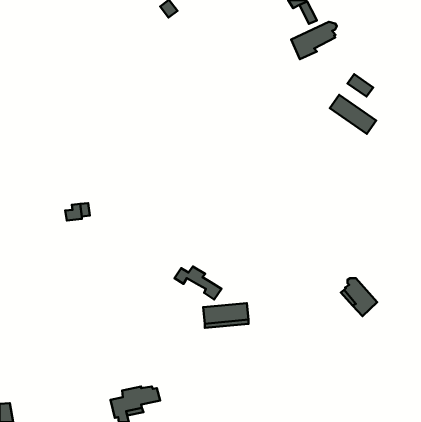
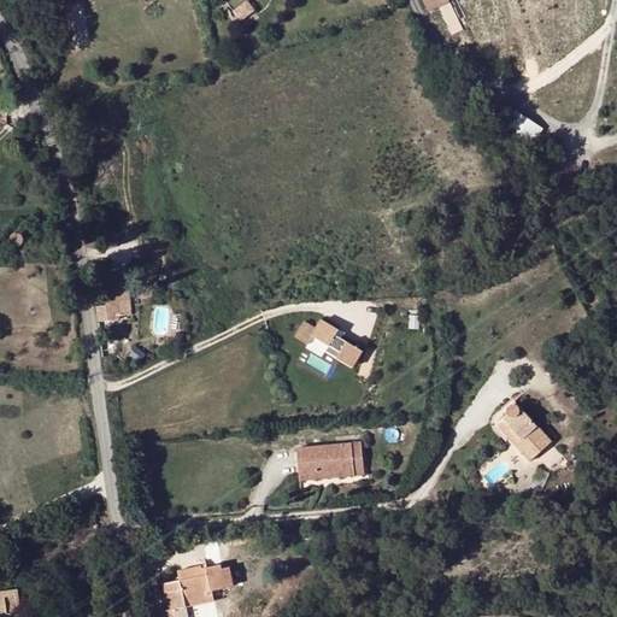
building: [291,22,337,59] -> none
building: [330,95,376,134] -> none
building: [175,267,222,300] -> [293,319,362,368]

